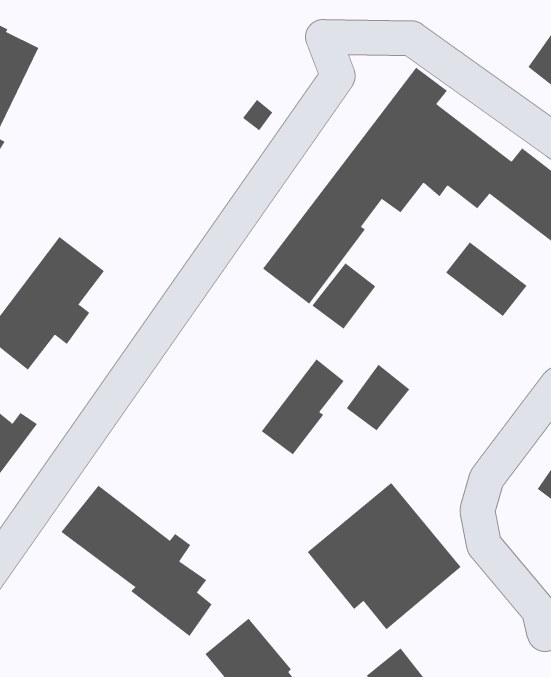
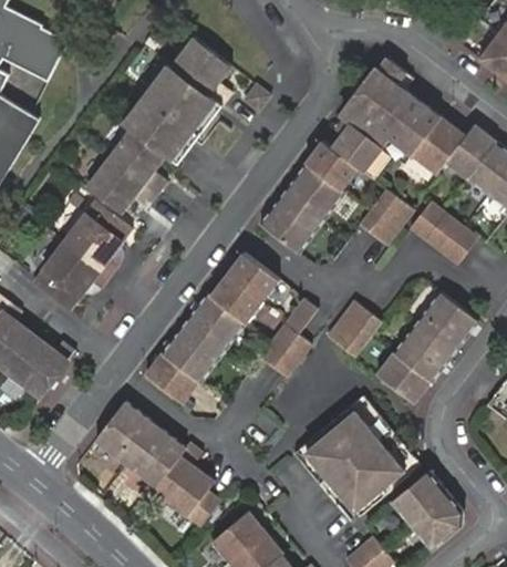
building: none -> [82,38,230,210]
building: [311,262,376,330] -> [360,189,413,245]
building: none -> [144,252,278,404]
building: none -> [376,292,478,404]
building: none -> [394,474,463,549]

